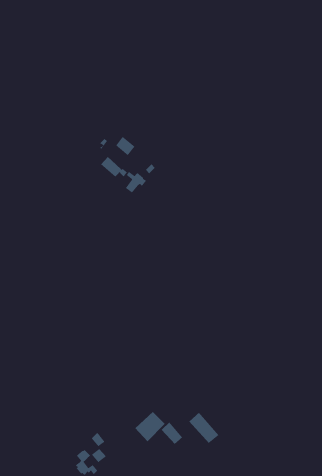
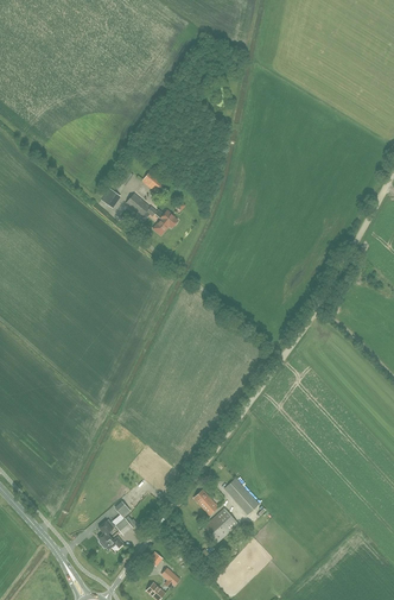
building: [135,411,165,442] -> [203,507,237,542]

